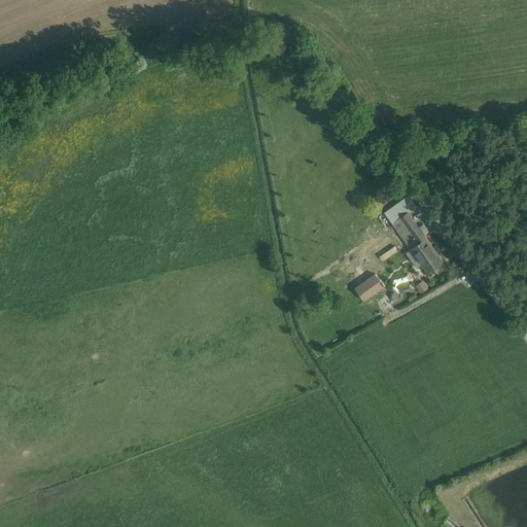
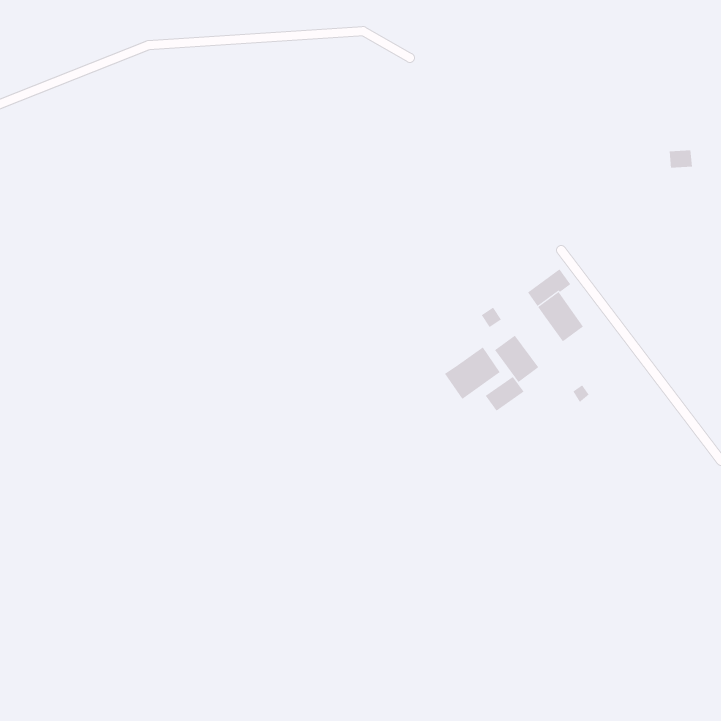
building: [410,239,443,274] -> [494,335,539,383]
building: none -> [444,347,501,399]

